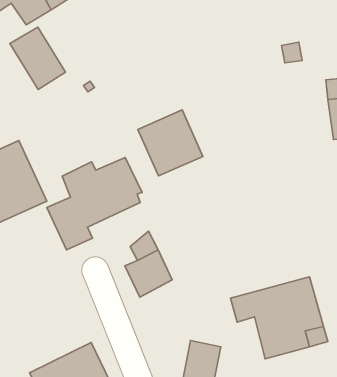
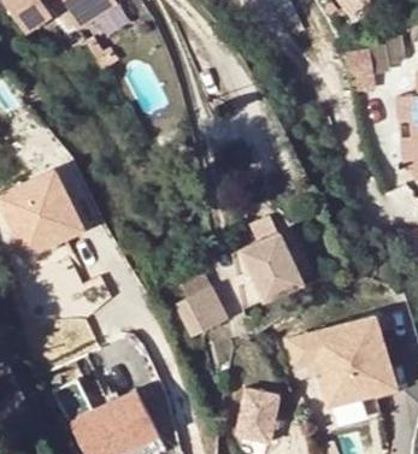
building: [10,27,65,90] -> none
building: [138,110,203,176] -> [230,234,302,307]
building: [47,157,142,250] -> none

